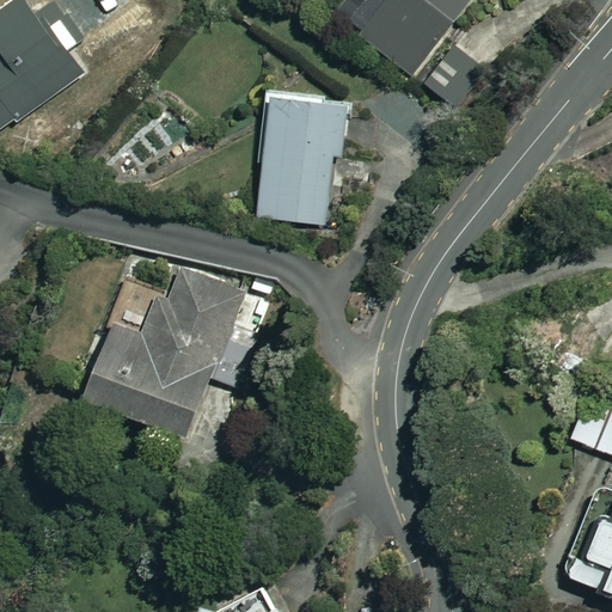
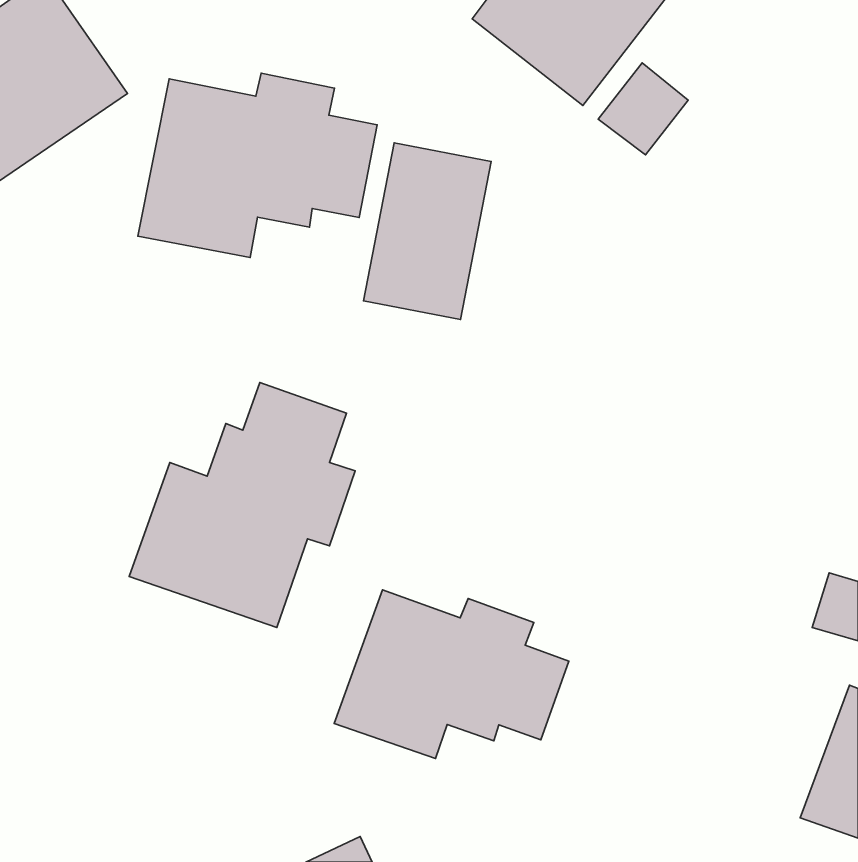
building: none -> [138,73,377,257]
building: none -> [334,590,569,759]

